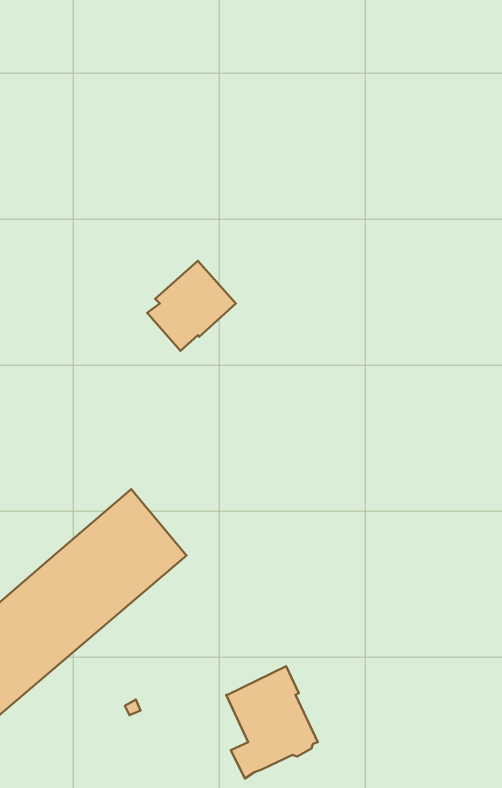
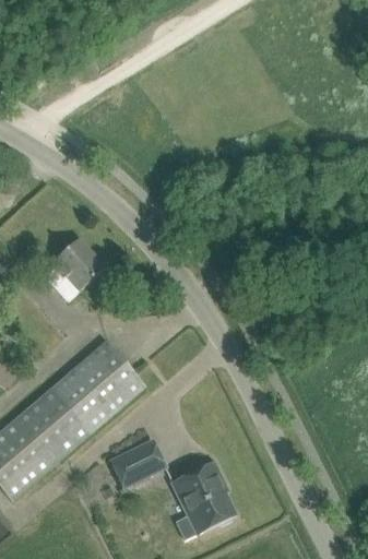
building: [147,261,236,351] -> [44,237,105,299]
building: none -> [111,439,166,487]

